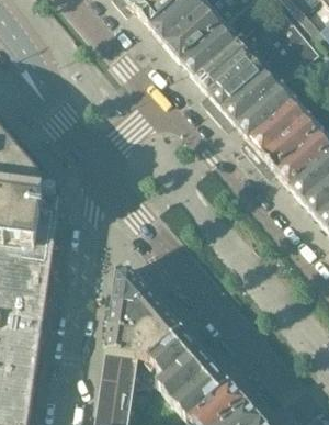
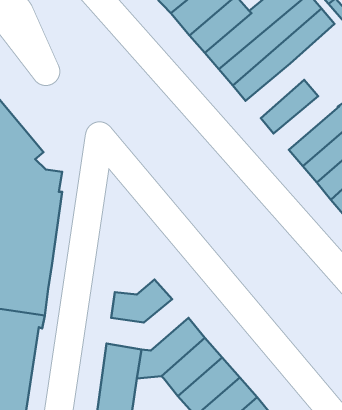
building: [236,88,291,139] -> none
building: [262,119,317,169] -> none
building: [113,268,150,305] -> none
building: [105,310,182,358] -> none

